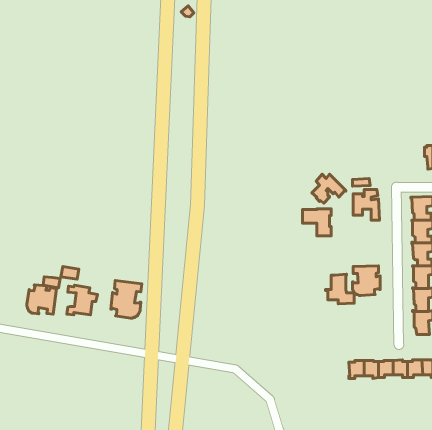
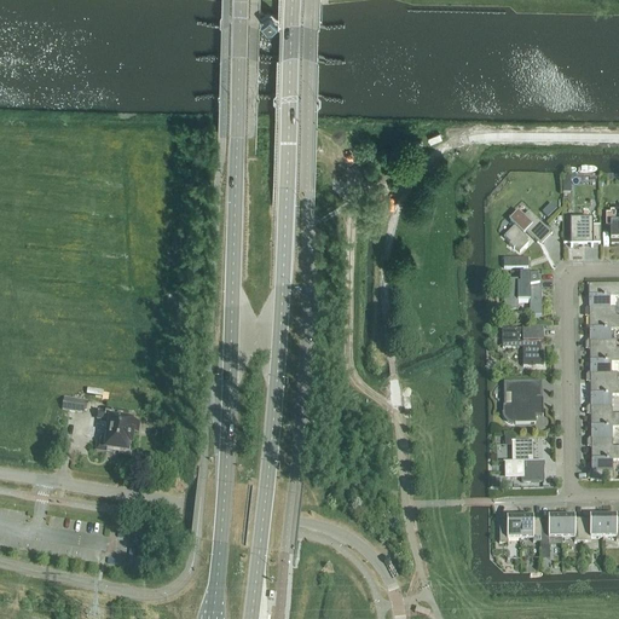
building: none -> [571,218,601,244]
building: [312,174,346,203] -> [504,208,553,249]
building: [302,209,331,236] -> [503,325,544,364]
building: [325,274,354,304] -> [504,438,545,480]
building: [111,280,142,318] -> none
building: [27,285,57,314] -> none

